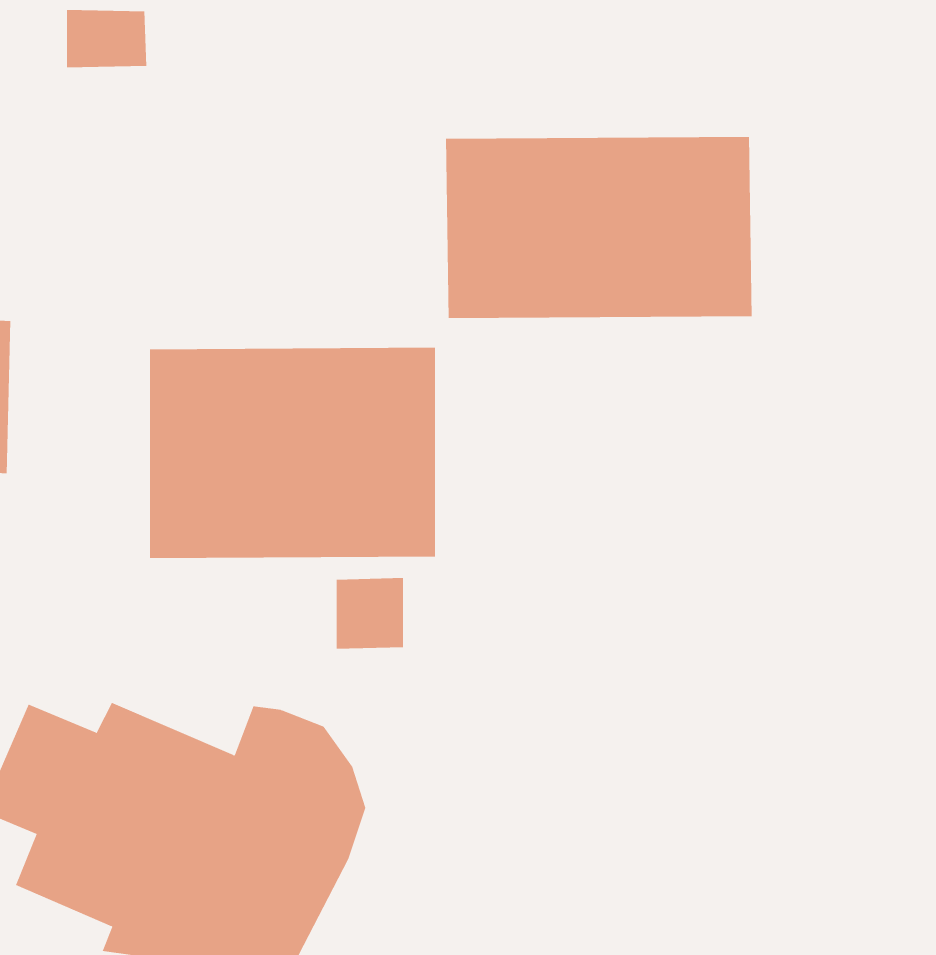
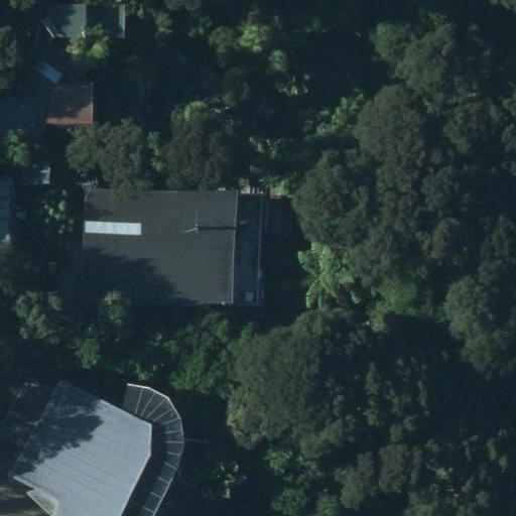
building: [446,136,752,319] -> none

